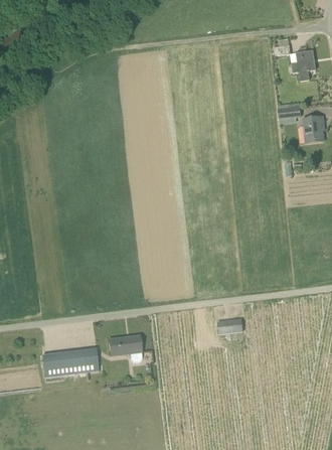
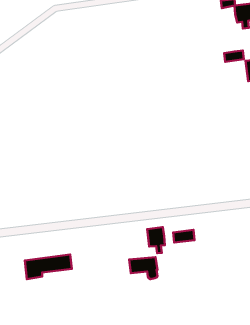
building: none -> [147,227,165,253]
building: [109,334,142,360] -> [129,257,157,279]

